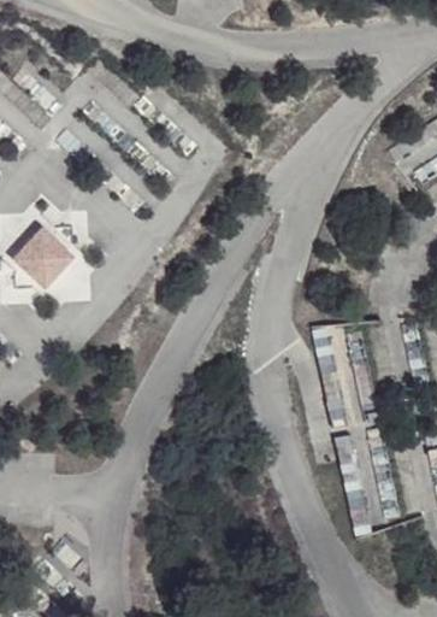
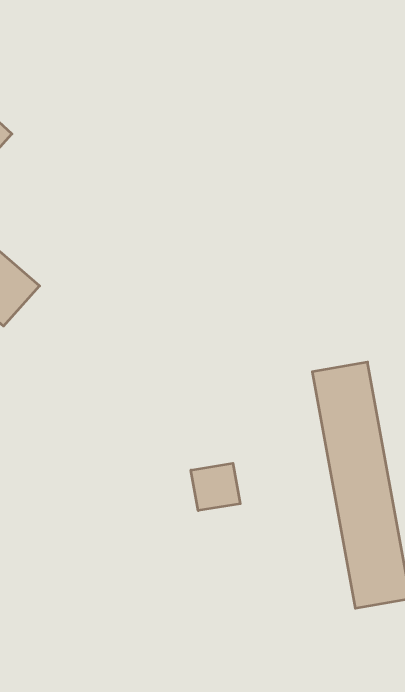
building: none -> [191,463,240,511]

